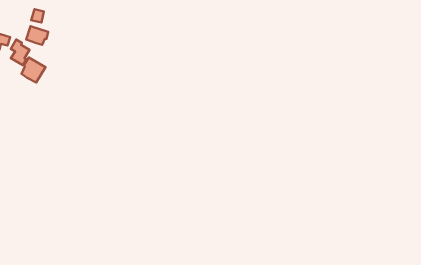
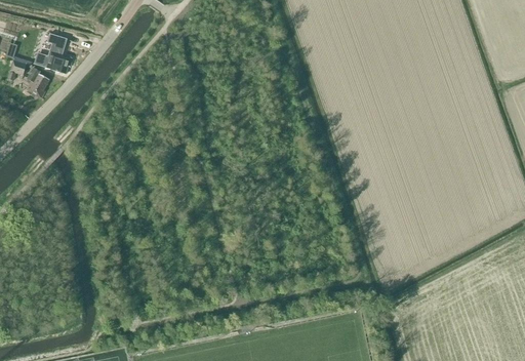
building: [21,58,45,83] -> none

